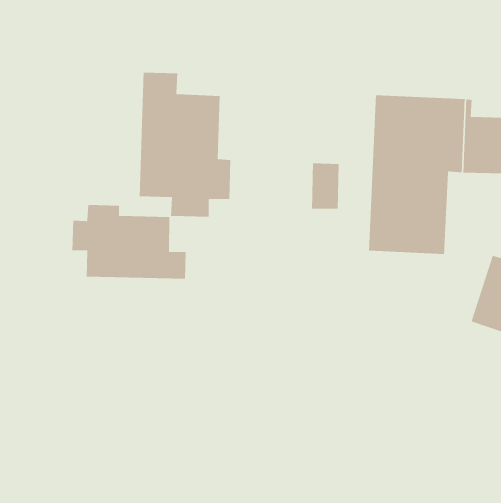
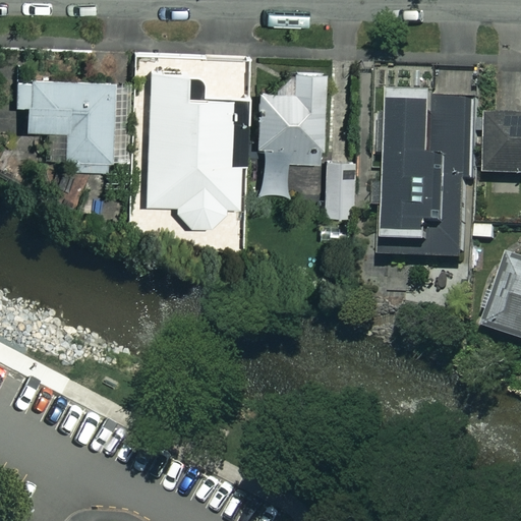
building: none -> [255,71,323,194]
building: none -> [15,79,128,160]
building: [72,204,186,280] -> none

